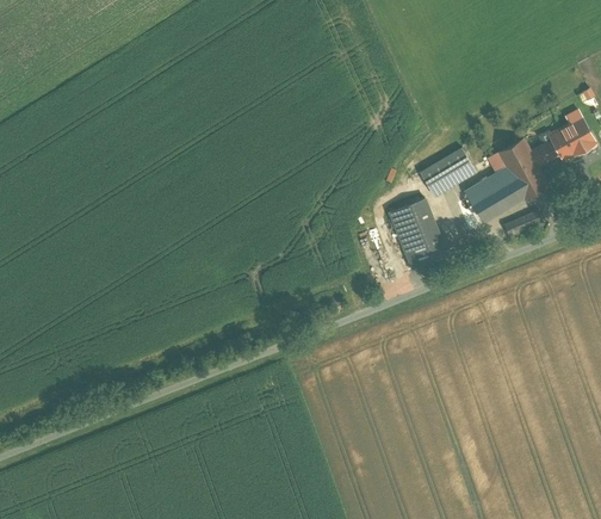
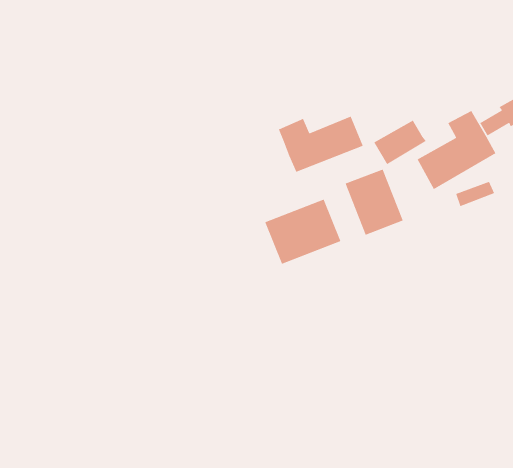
building: none -> [278,116,364,173]
building: none -> [264,198,341,265]

